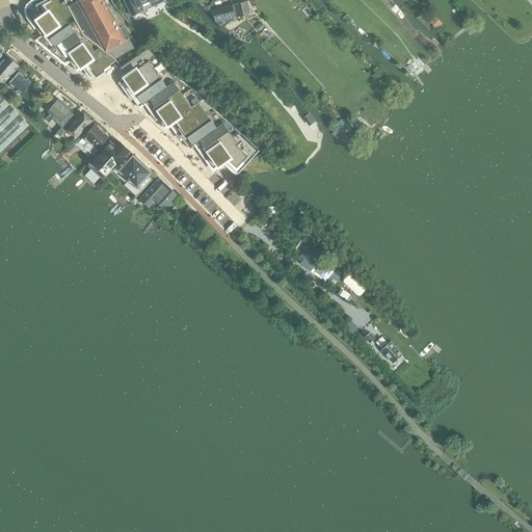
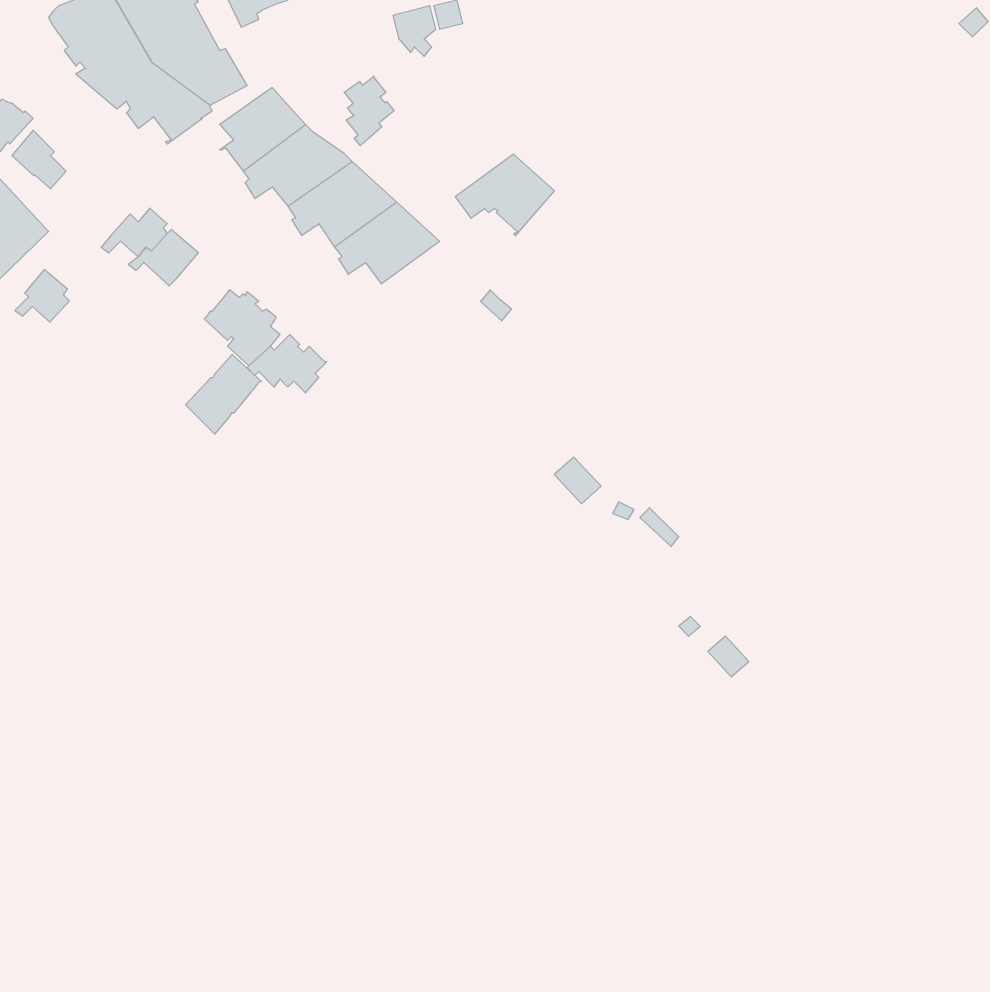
building: none -> [344,76,394,146]
building: [41,98,70,126] -> [15,270,69,322]
building: [204,129,257,172] -> [455,154,554,236]
building: [87,135,128,178] -> [186,354,261,434]

